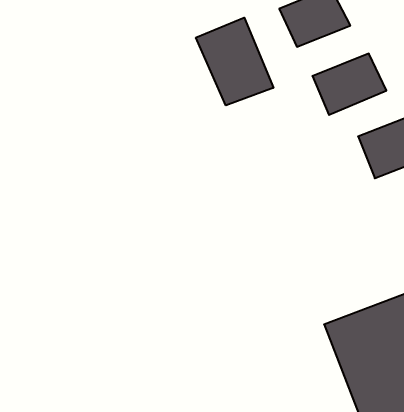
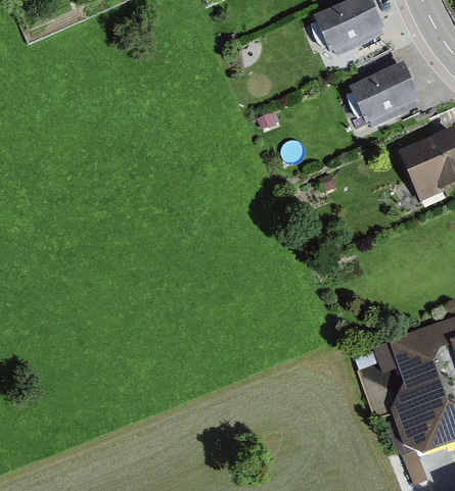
building: [196,18,273,105] -> none

